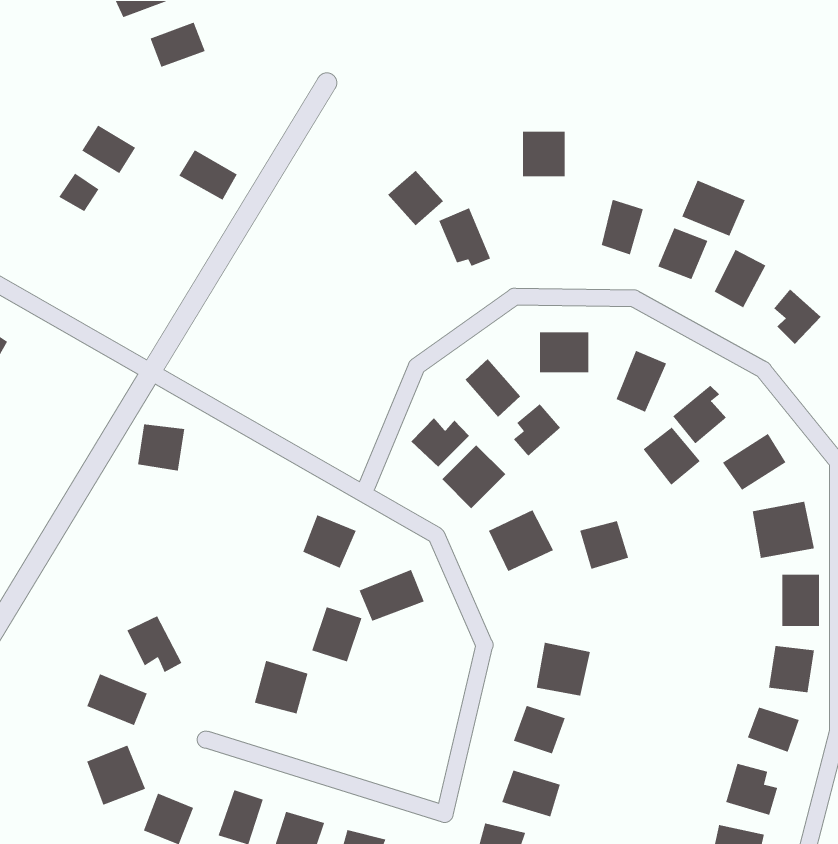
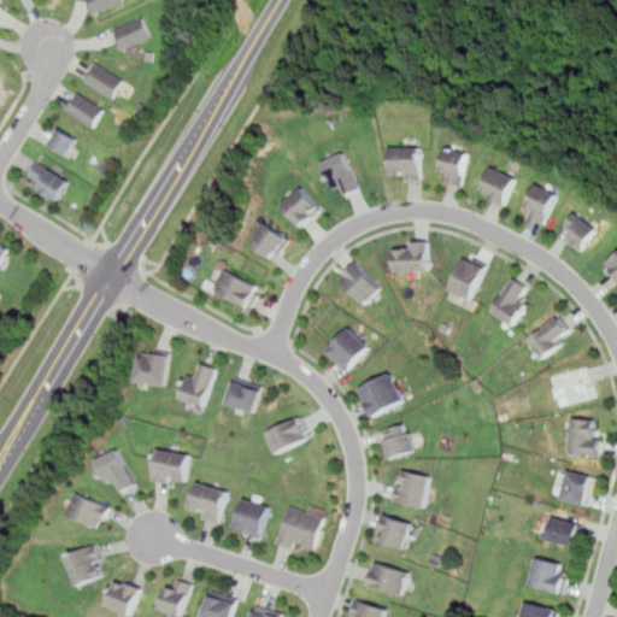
building: [522,131,565,177] -> [388,147,419,181]
building: [178,149,238,201] -> [77,63,121,100]
building: [387,170,444,226] -> [276,187,317,228]
building: [681,179,746,237] -> none
building: none -> [23,161,65,204]
building: none -> [245,223,286,264]
building: none -> [210,271,255,310]
building: [513,403,561,457] -> none
building: [411,417,470,468] -> none
building: [137,423,185,472] -> [131,352,166,387]
building: [643,426,701,486] -> none
building: none -> [175,365,213,407]
building: [579,520,629,570] -> [376,424,412,460]
building: [311,606,363,662] -> [229,498,266,539]
building: none -> [148,449,186,487]
building: none -> [274,506,319,554]

